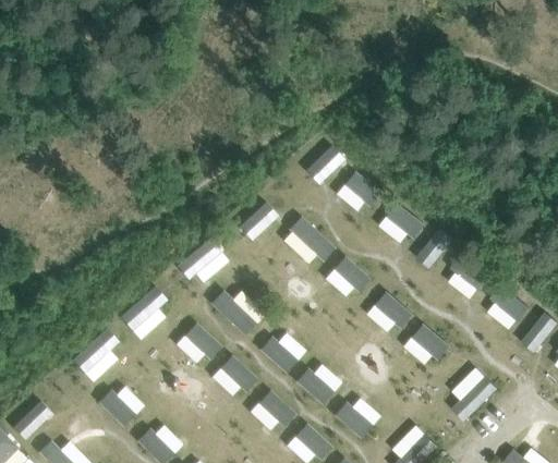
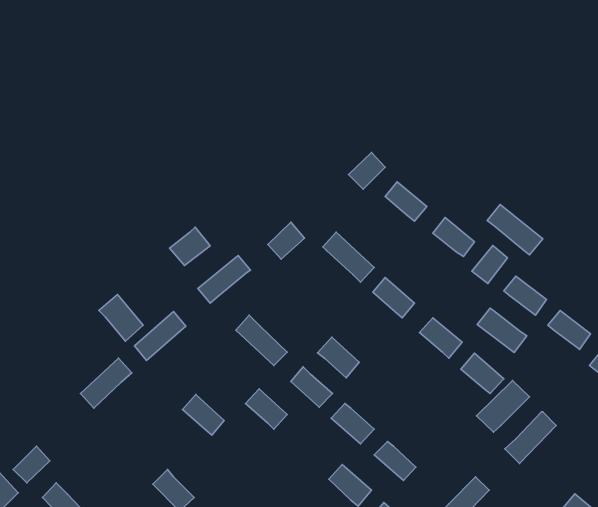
building: none -> [487,205,543,255]
building: none -> [170,227,210,266]
building: none -> [99,294,143,341]
building: none -> [477,308,527,353]
building: none -> [318,337,359,378]
building: [184,322,221,358] -> [183,395,224,435]
building: none -> [476,380,529,432]
building: [99,389,136,426] -> none
building: [258,390,295,426] -> none

